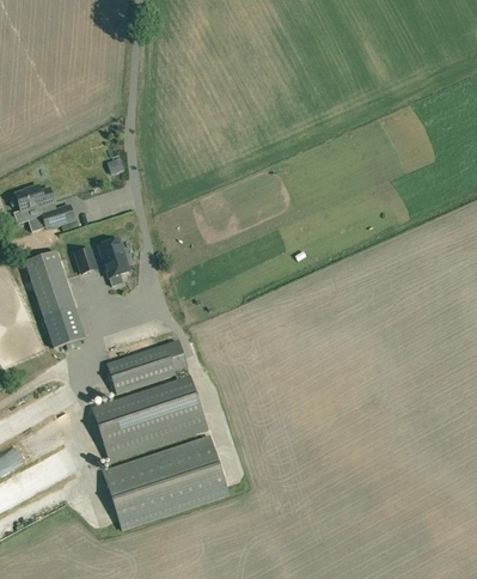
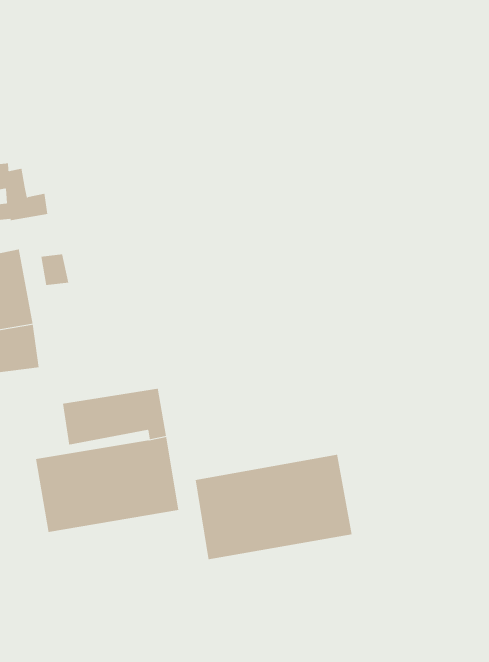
building: [98,238,129,278] -> none
building: [103,434,230,530] -> [195,454,352,560]

